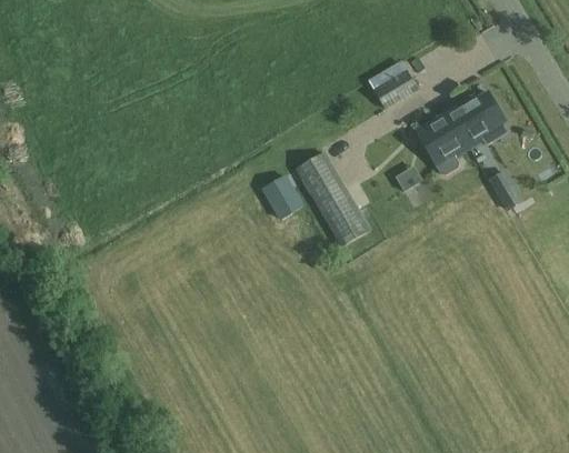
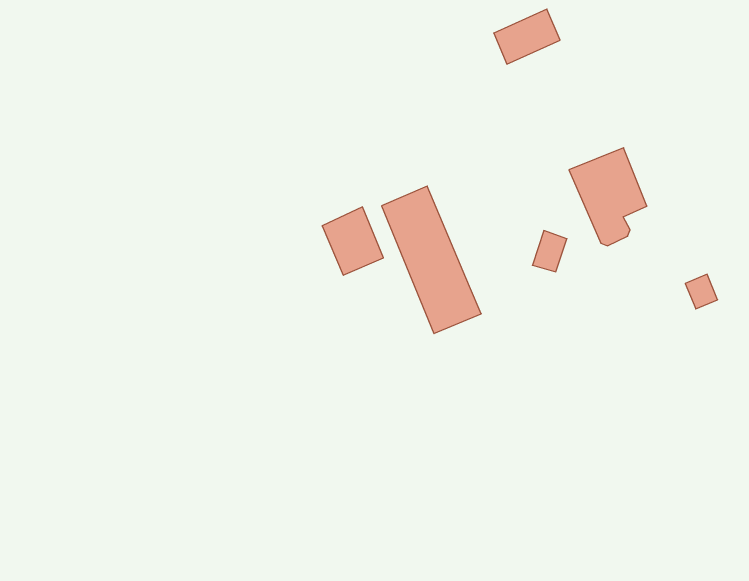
building: [373,69,417,108] -> [494,9,560,64]
building: [447,91,506,145] -> none

